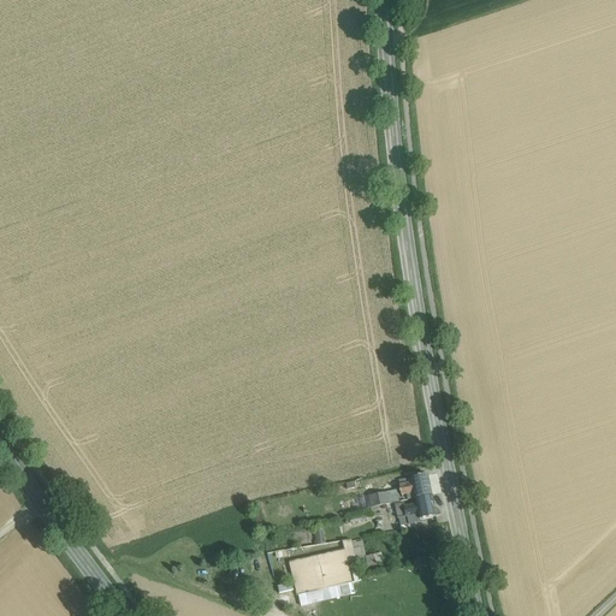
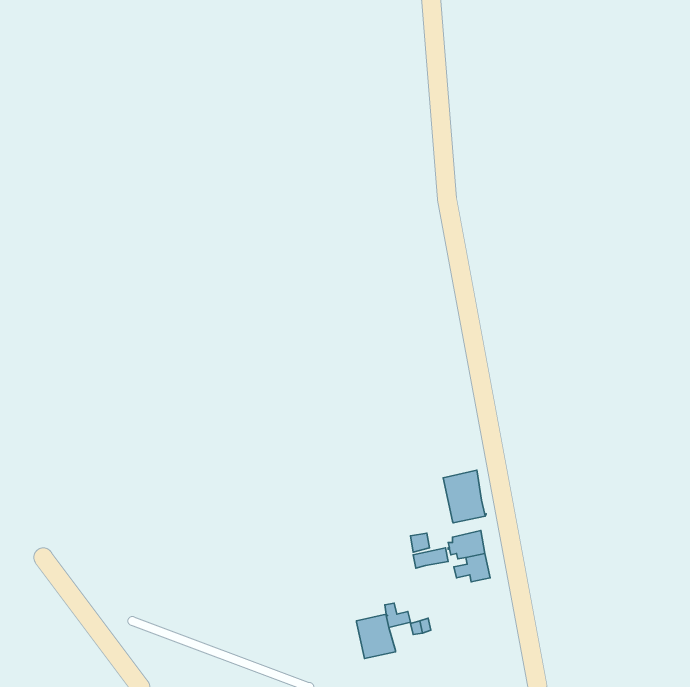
building: none -> [443,470,486,523]
building: [290,553,325,594] -> none

